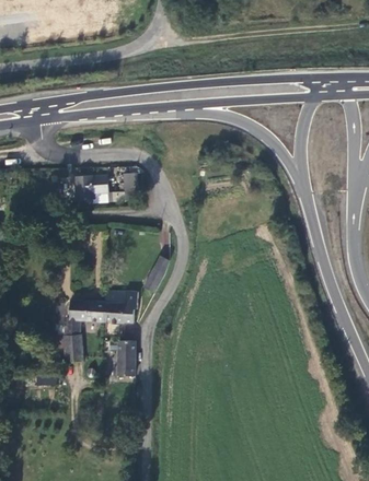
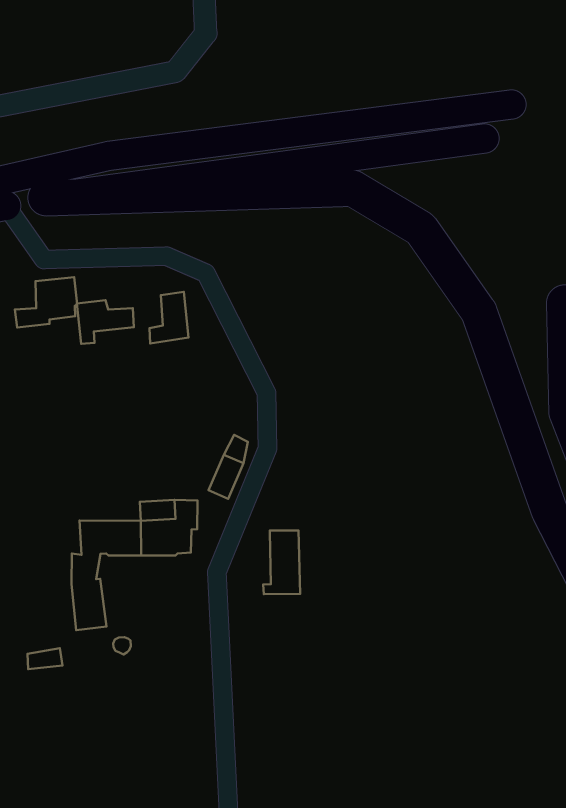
building: none -> [15,277,77,328]
building: [113,340,135,377] -> [263,530,300,594]

